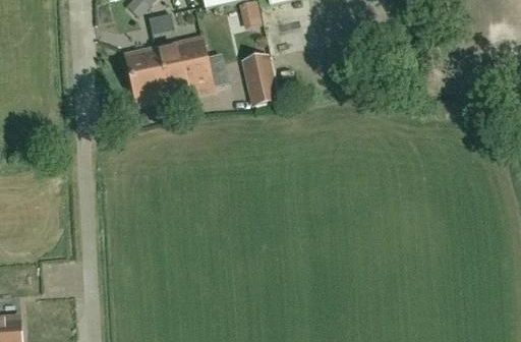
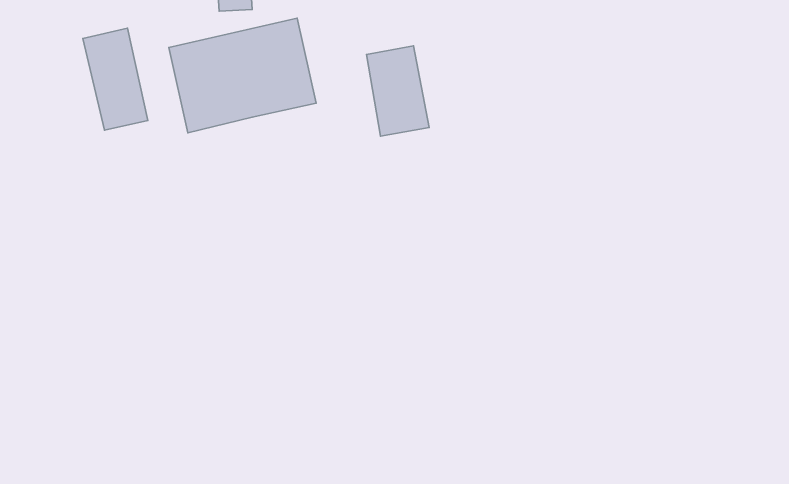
building: none -> [83,28,148,130]

